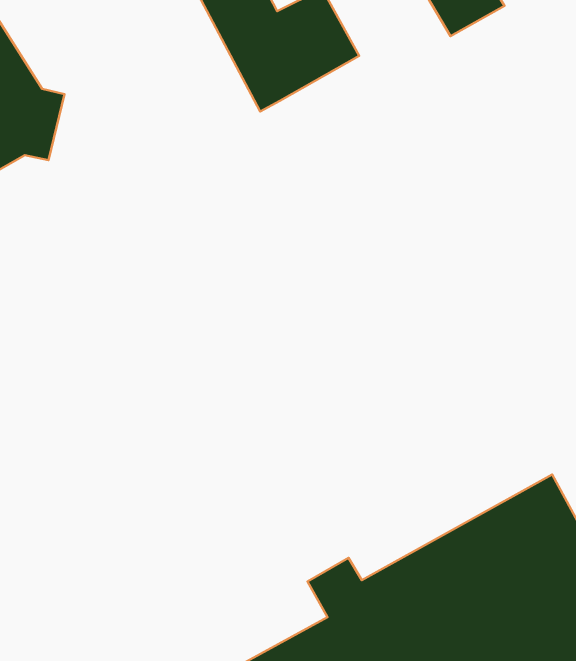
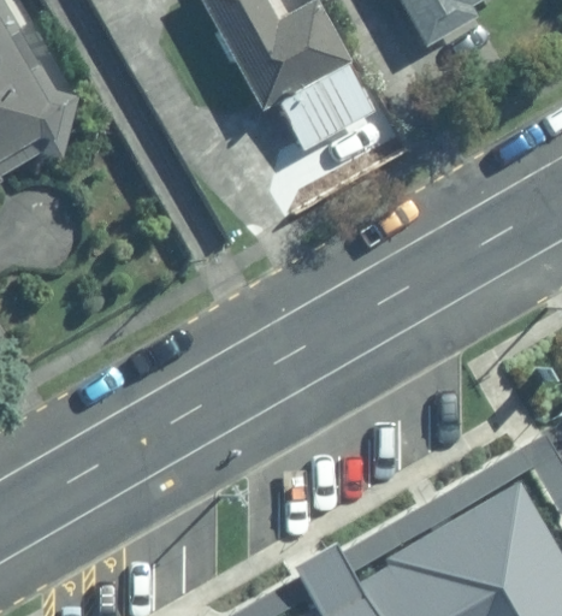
building: none -> [274,63,369,155]

